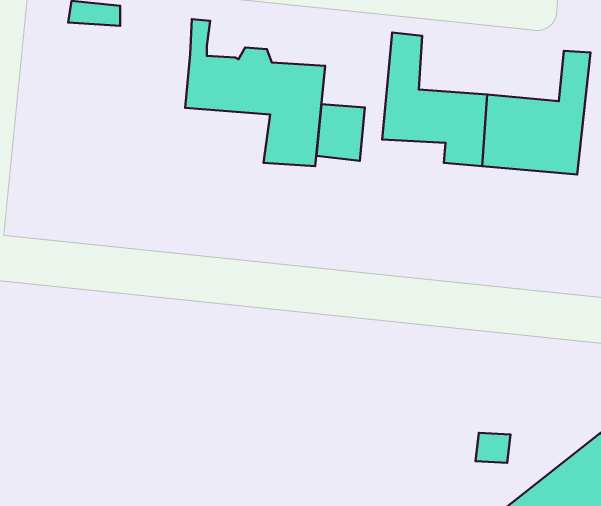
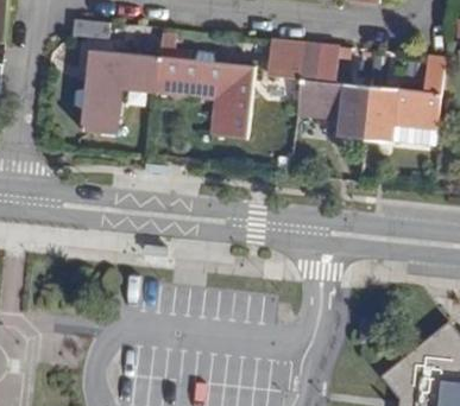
building: none -> [74,50,160,132]
building: [316,104,365,161] -> [270,38,304,78]

